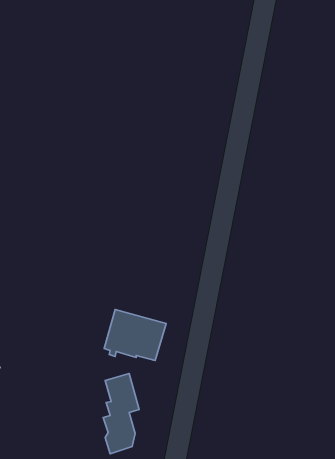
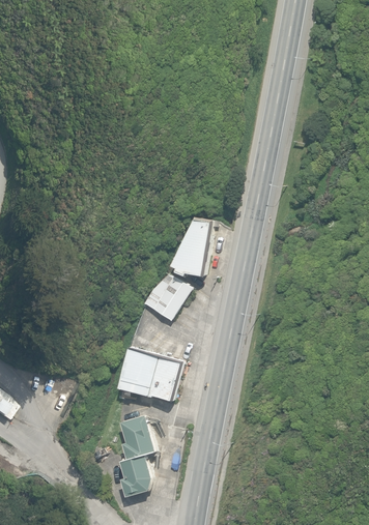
building: none -> [173,216,215,278]
building: none -> [144,273,192,320]

